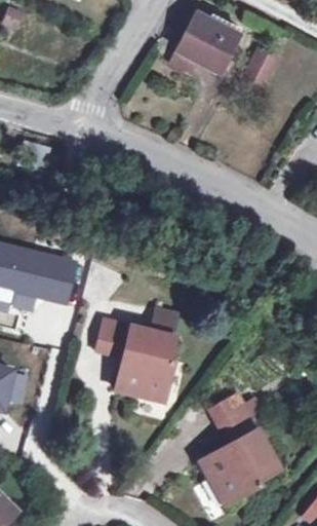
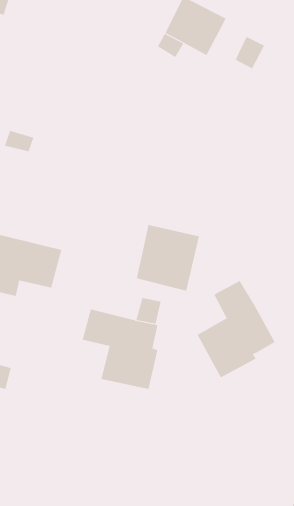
building: none -> [136,224,199,291]
building: [201,406,279,503] -> [197,280,275,378]

